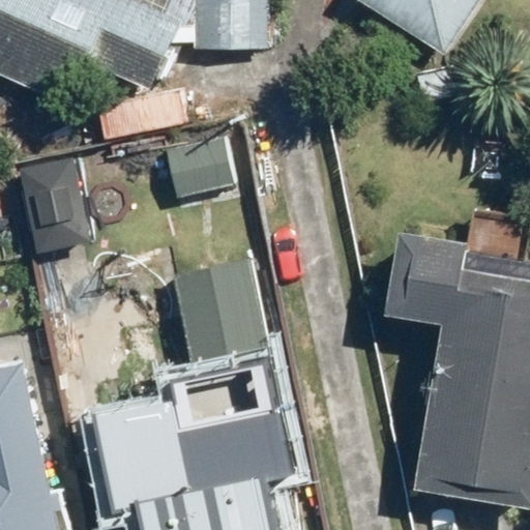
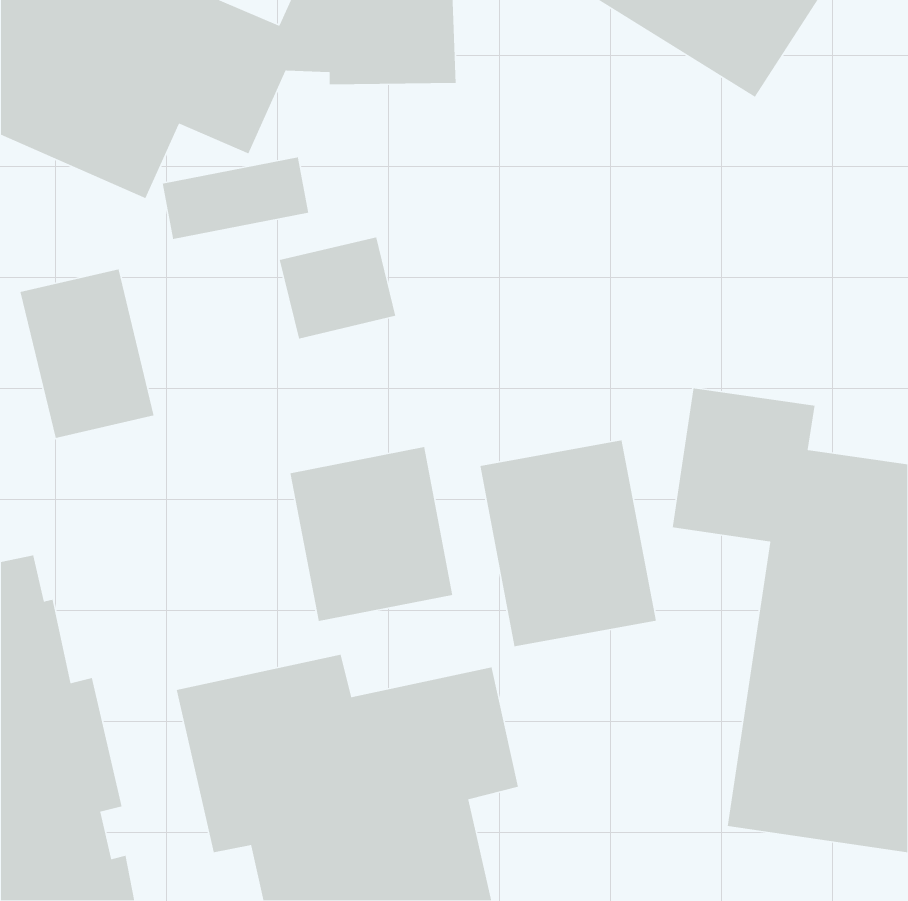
building: none -> [479,440,657,647]

